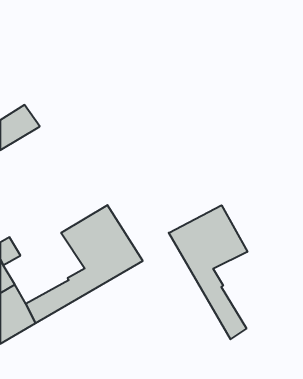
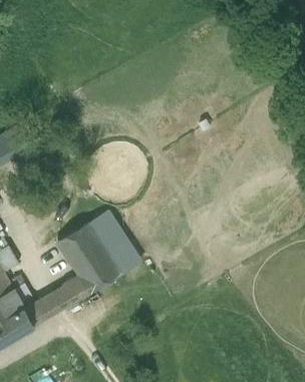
building: [169,205,247,339] -> none

